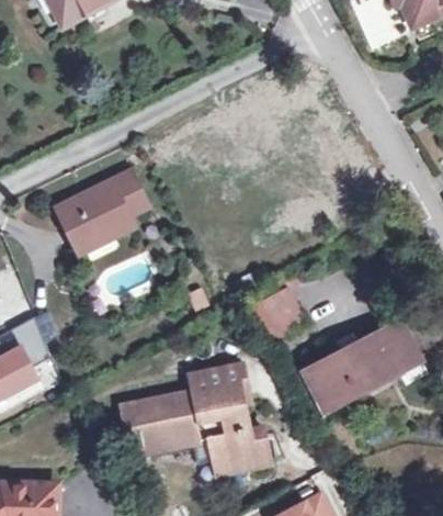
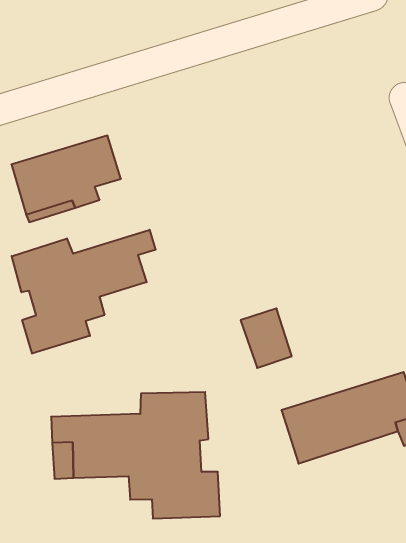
building: none -> [12,230,156,354]

